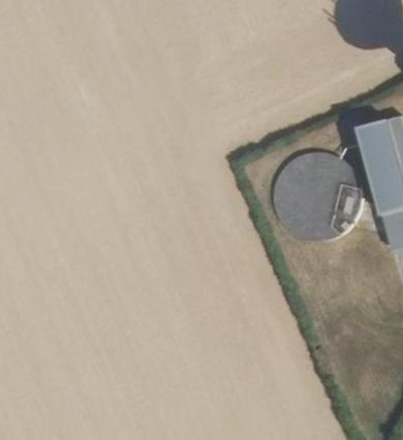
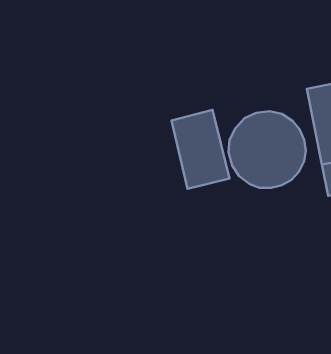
building: none -> [171,110,230,189]

